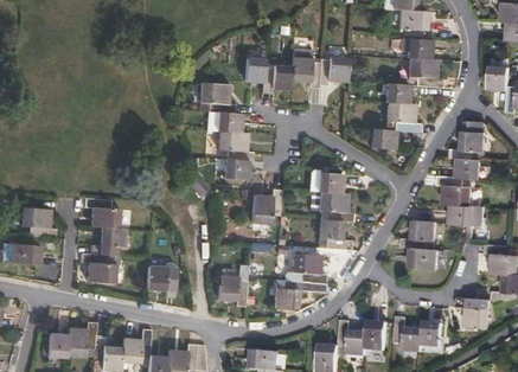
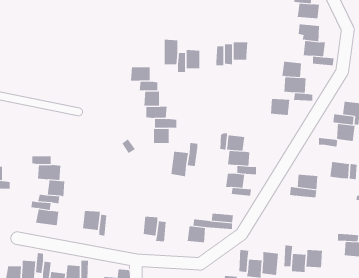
building: [288,54,308,81] -> none
building: [441,184,471,206] -> none
building: [405,246,435,268] -> none
building: [292,248,320,269] -> none

